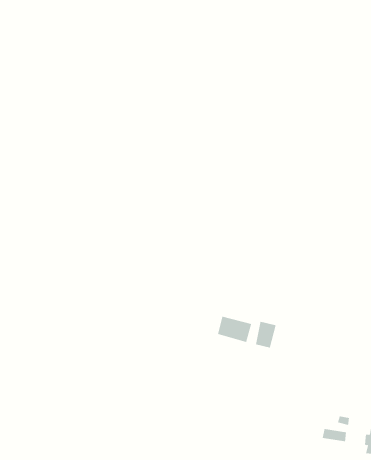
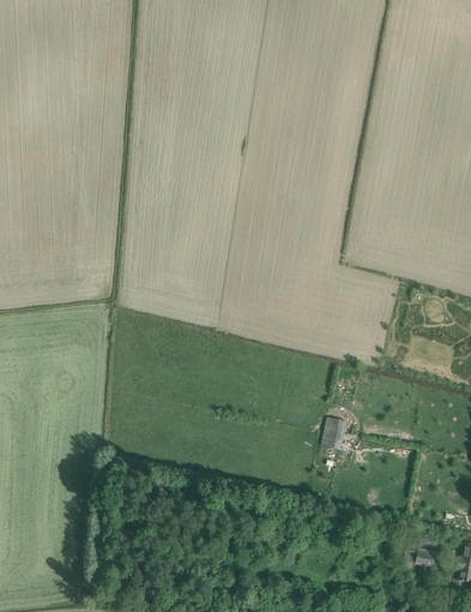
building: [217,316,252,343] -> none

